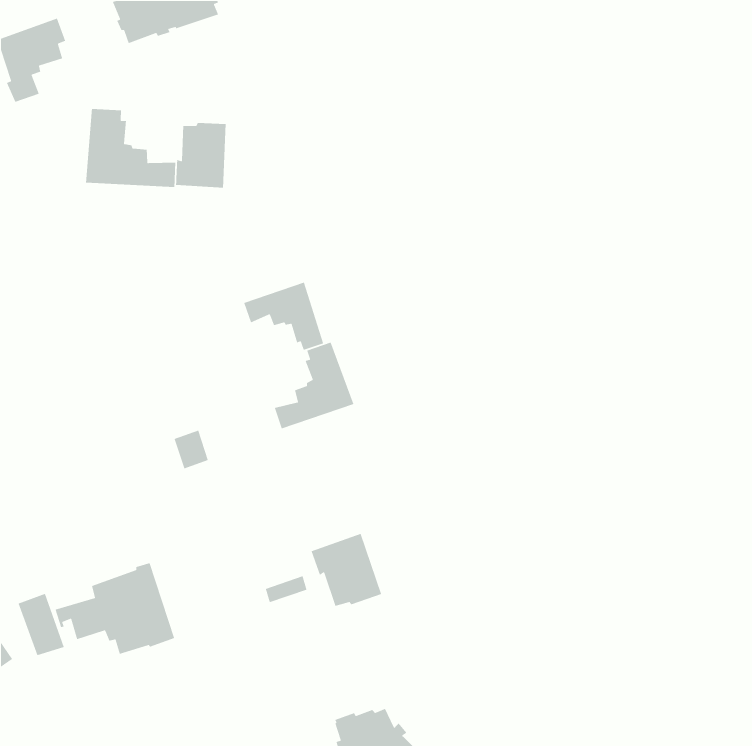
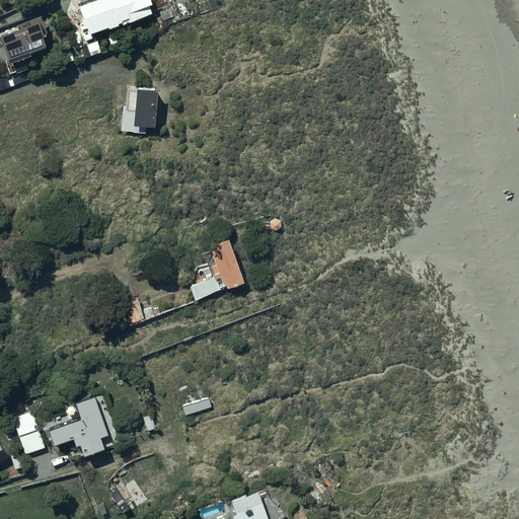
building: [85,108,176,188] -> none
building: [243,282,324,351] -> none
building: [310,533,382,607] -> none

